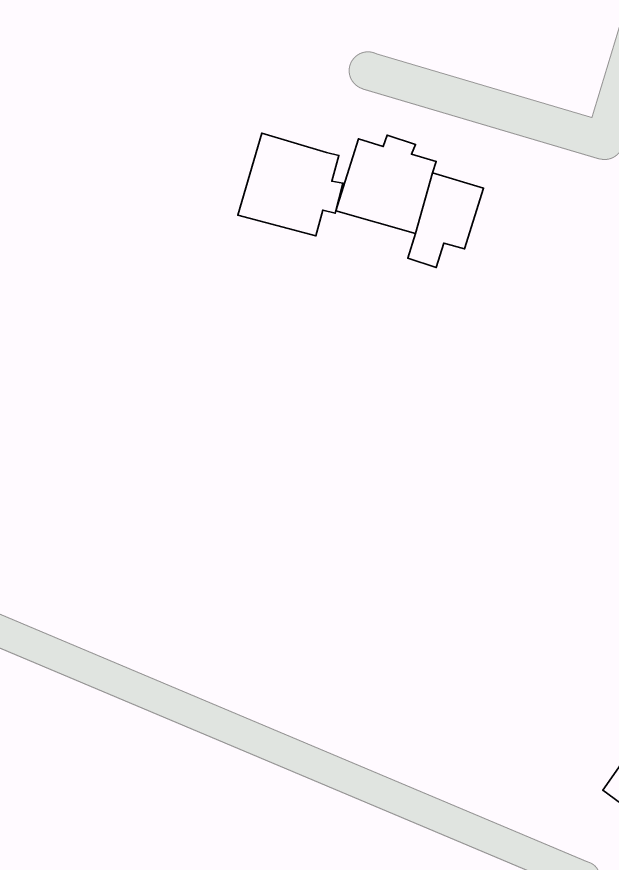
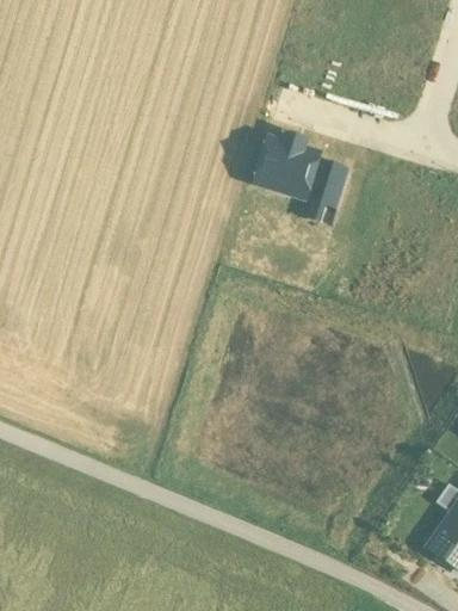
building: [238,133,343,236] -> none

